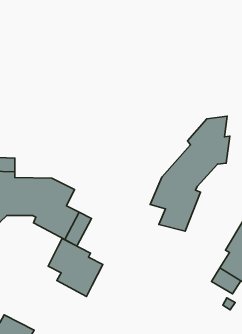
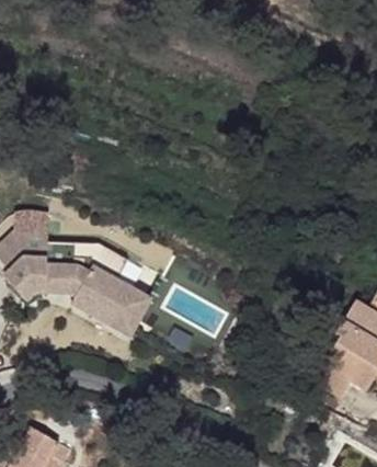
building: [150,116,230,231] -> none
building: [48,238,103,296] -> none

